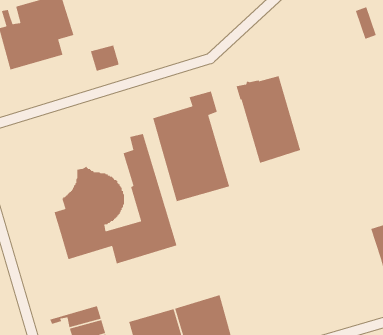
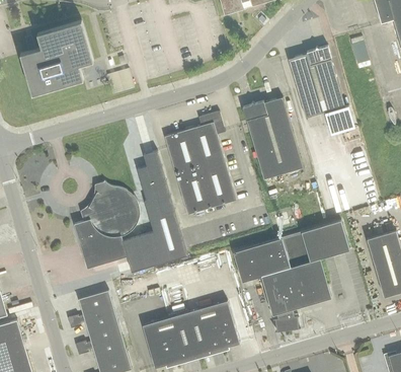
building: none -> [289,46,355,135]
building: none -> [234,220,350,331]
building: none -> [69,290,114,323]

